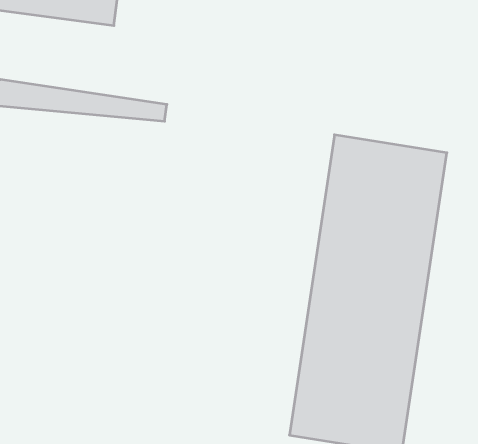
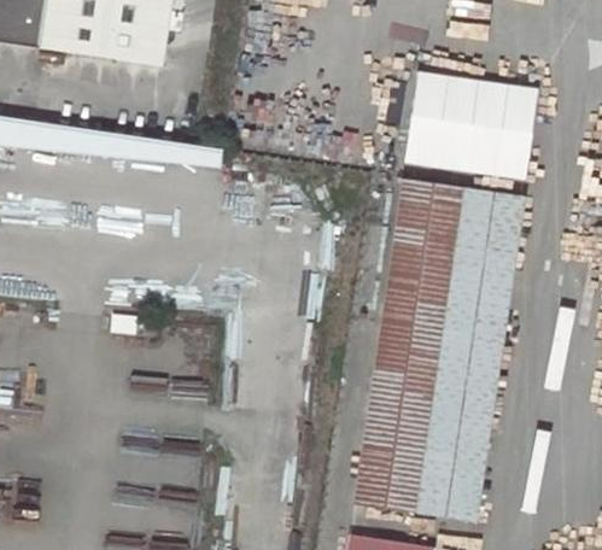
building: none -> [397,72,531,181]

